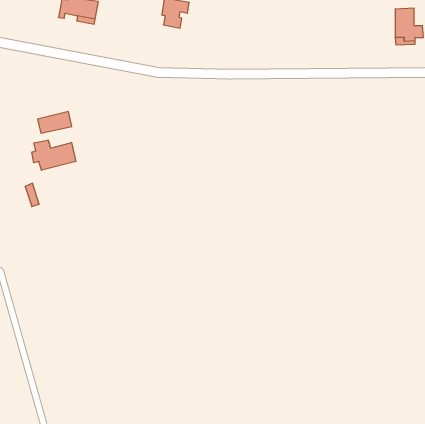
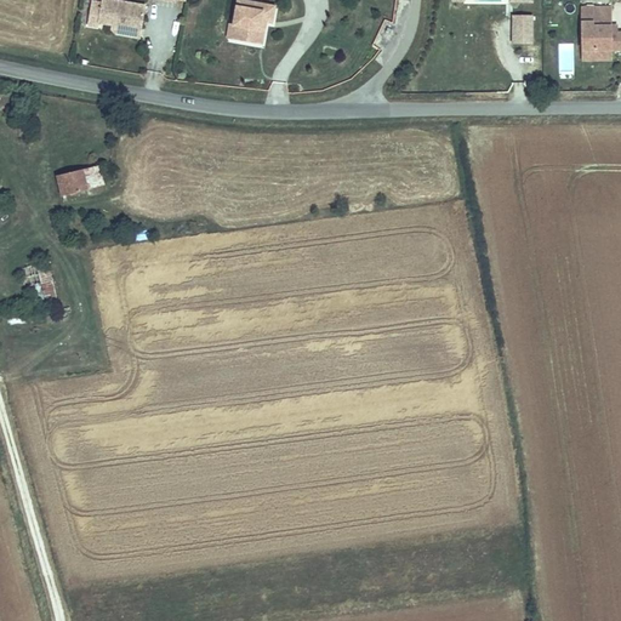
building: none -> [513,12,531,41]
building: [32,140,76,170] -> none

